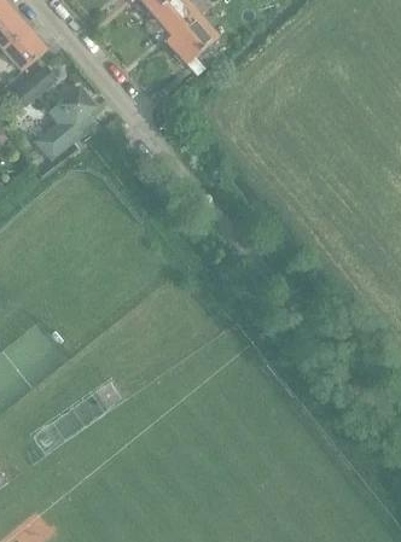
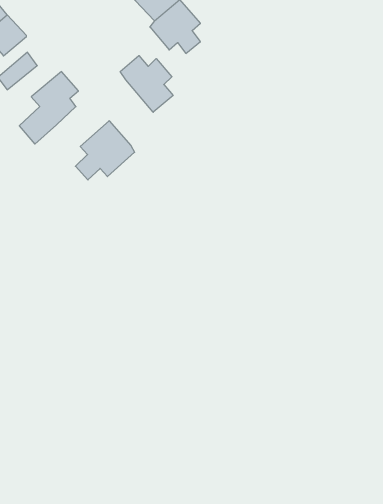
building: none -> [120,56,173,112]
building: none -> [75,121,135,180]

